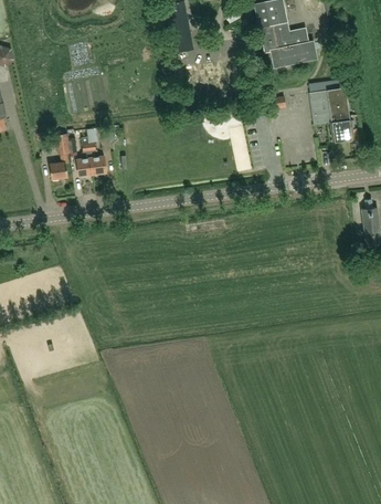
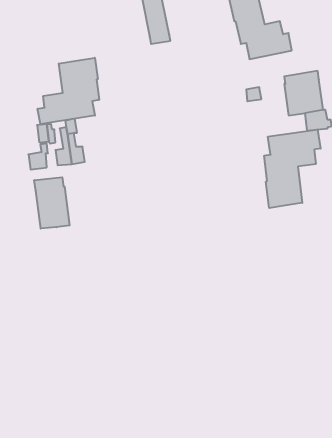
building: none -> [38,58,99,124]
building: none -> [264,129,321,208]
building: none -> [34,177,70,229]

